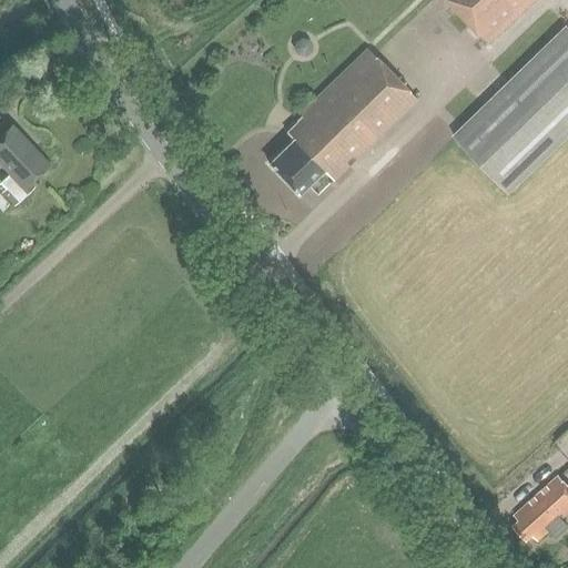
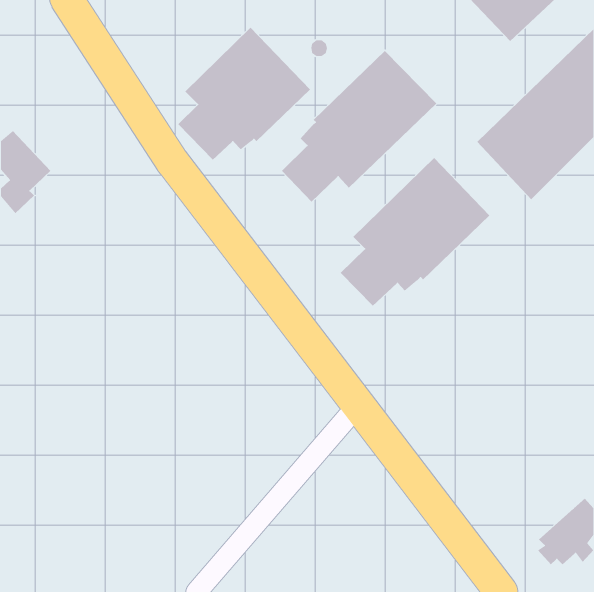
building: none -> [177,27,311,160]
building: none -> [340,157,490,307]

